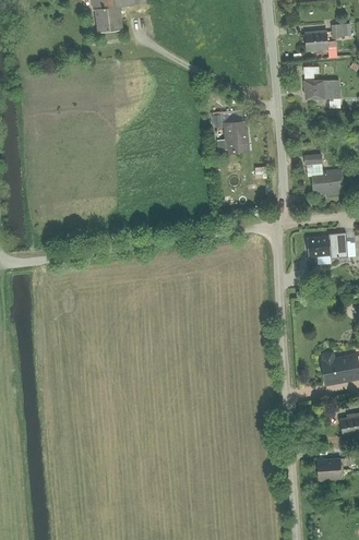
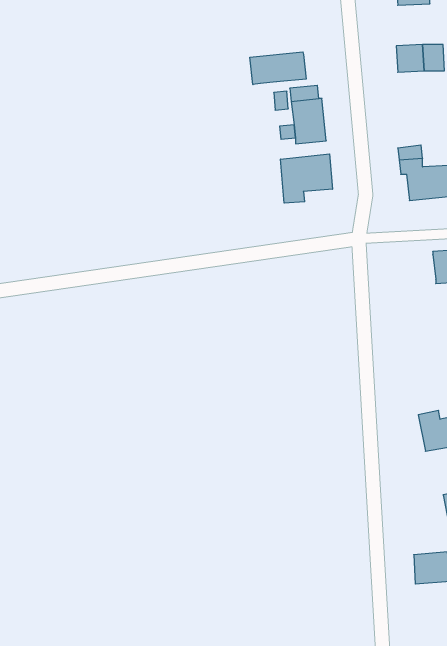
building: none -> [250,52,306,85]
building: none -> [281,154,332,203]
building: [306,236,332,257] -> none

